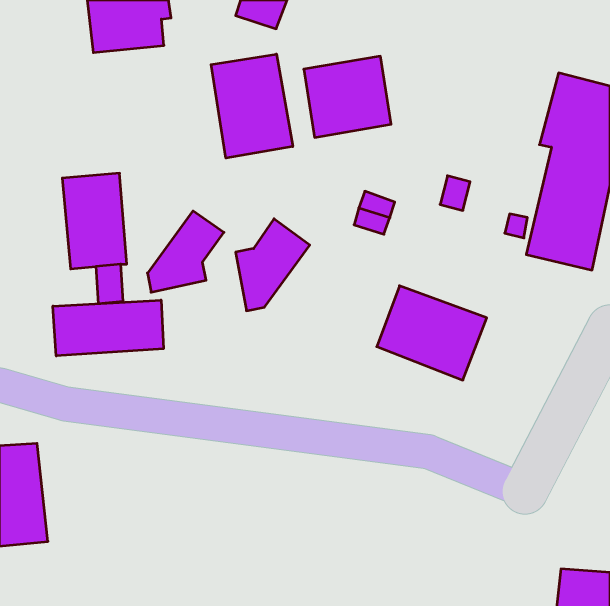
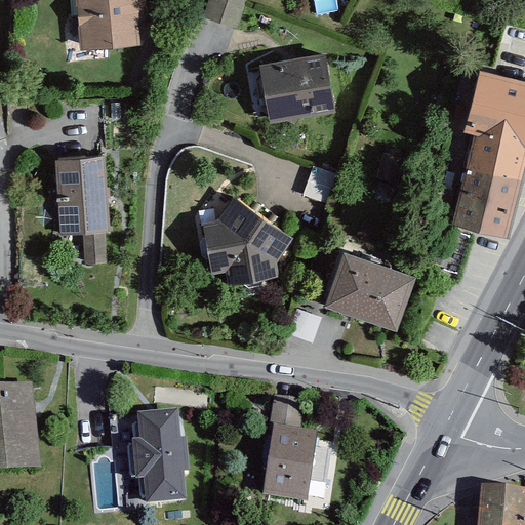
building: [211,54,293,158] -> none
building: [147,211,224,292] -> [227,214,292,284]
building: [53,300,163,356] -> none
building: none -> [260,400,317,506]
building: none -> [132,413,190,508]

